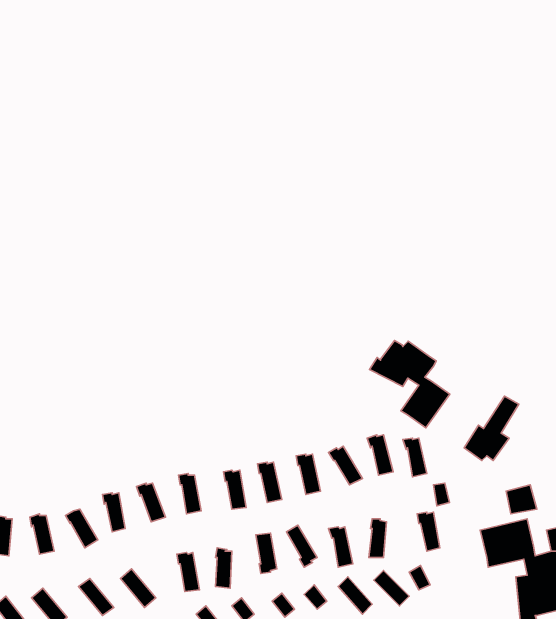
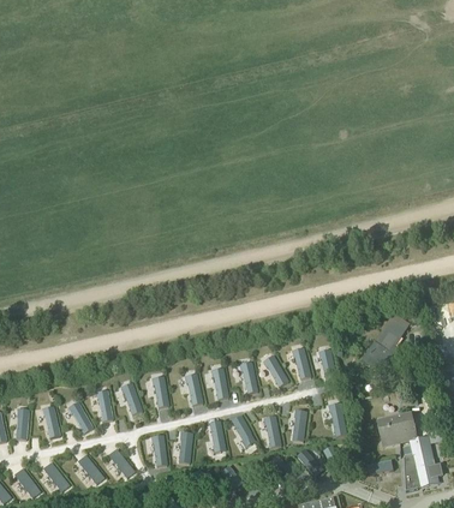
building: [370,340,450,428] -> none

